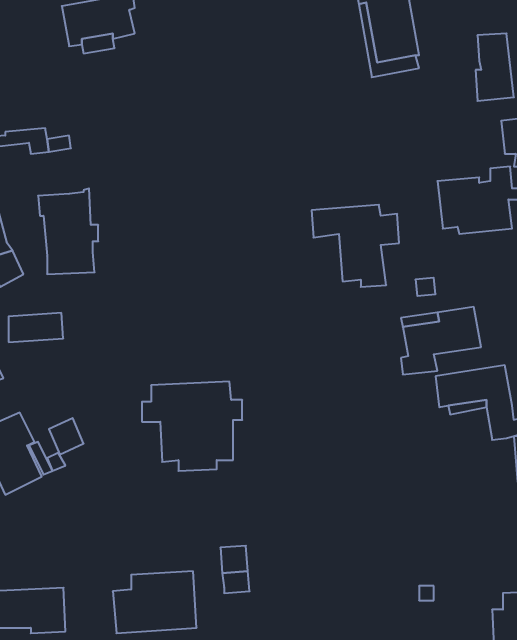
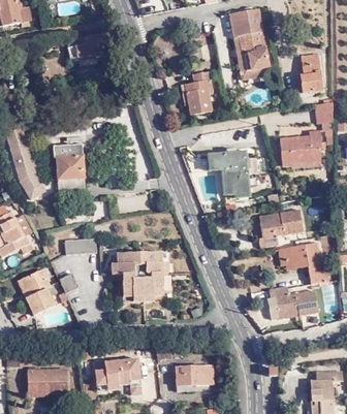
building: none -> [186,70,212,115]
building: [9,313,63,342] -> [65,237,96,254]
building: none -> [269,286,319,315]
building: none -> [176,364,213,385]

